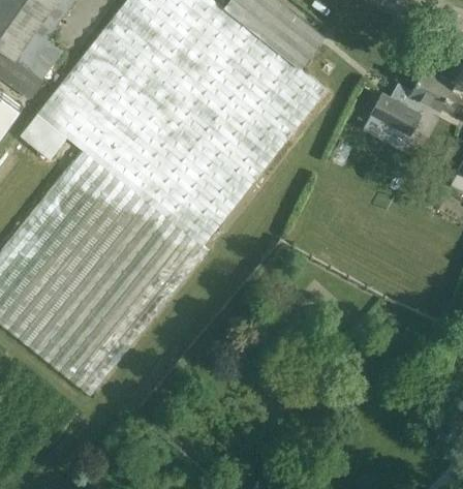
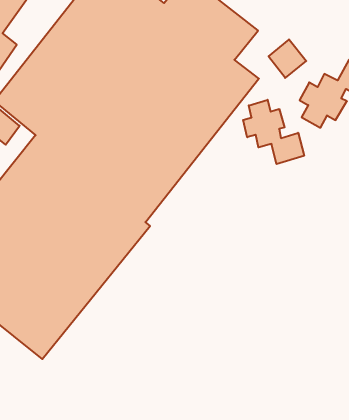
building: none -> [269,39,306,78]
building: none -> [243,100,304,164]

